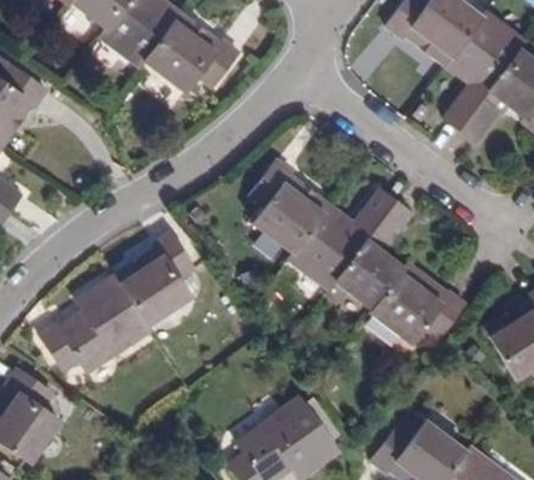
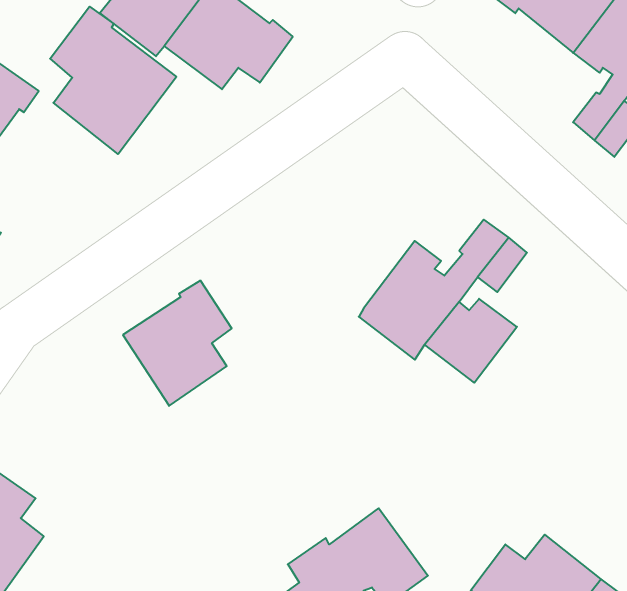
building: none -> [50,7,176,154]
building: [247,159,328,252] -> none
building: [368,263,462,344] -> none
building: [42,271,148,370] -> none

